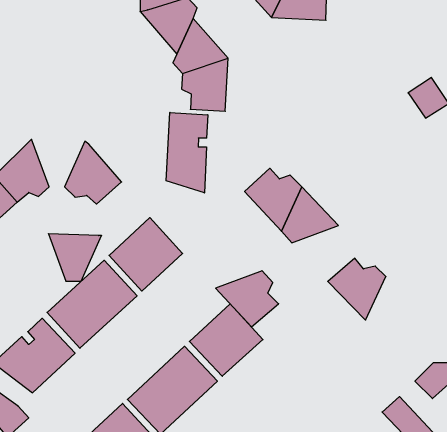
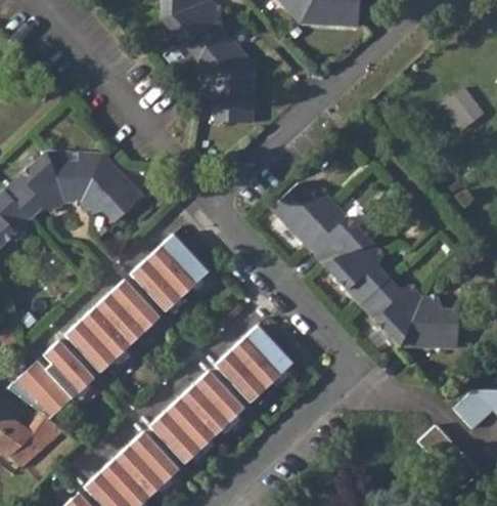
building: [166,112,208,193] -> none
building: [48,234,102,281] -> [47,152,103,202]
building: [216,271,279,327] -> [322,243,389,302]
building: none -> [400,297,458,345]

